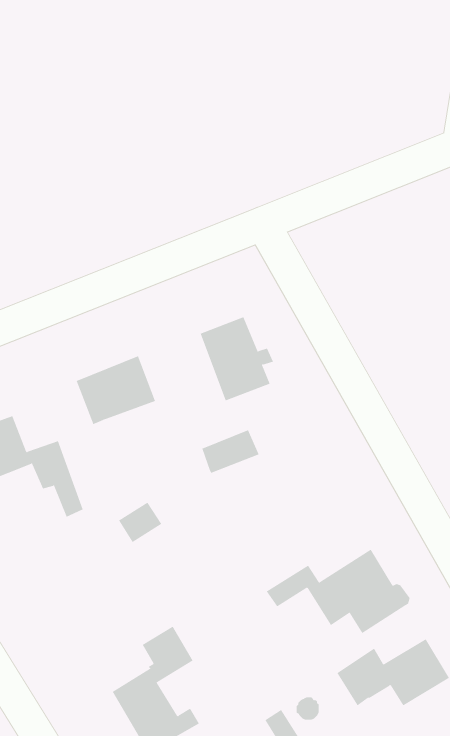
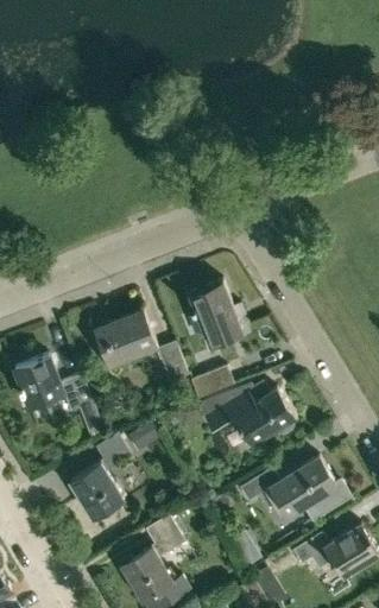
building: none -> [156,343,188,382]
building: none -> [201,384,293,443]
building: none -> [70,433,131,518]

